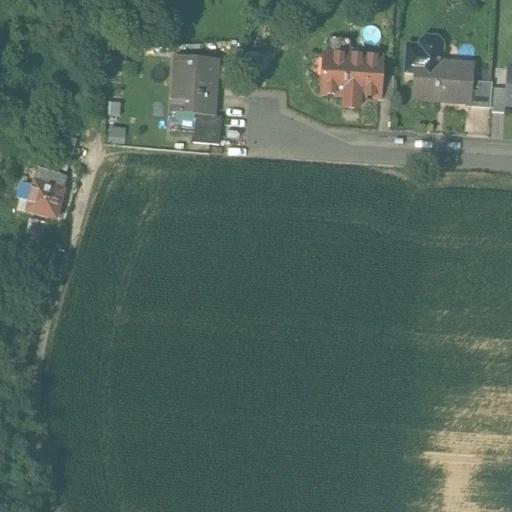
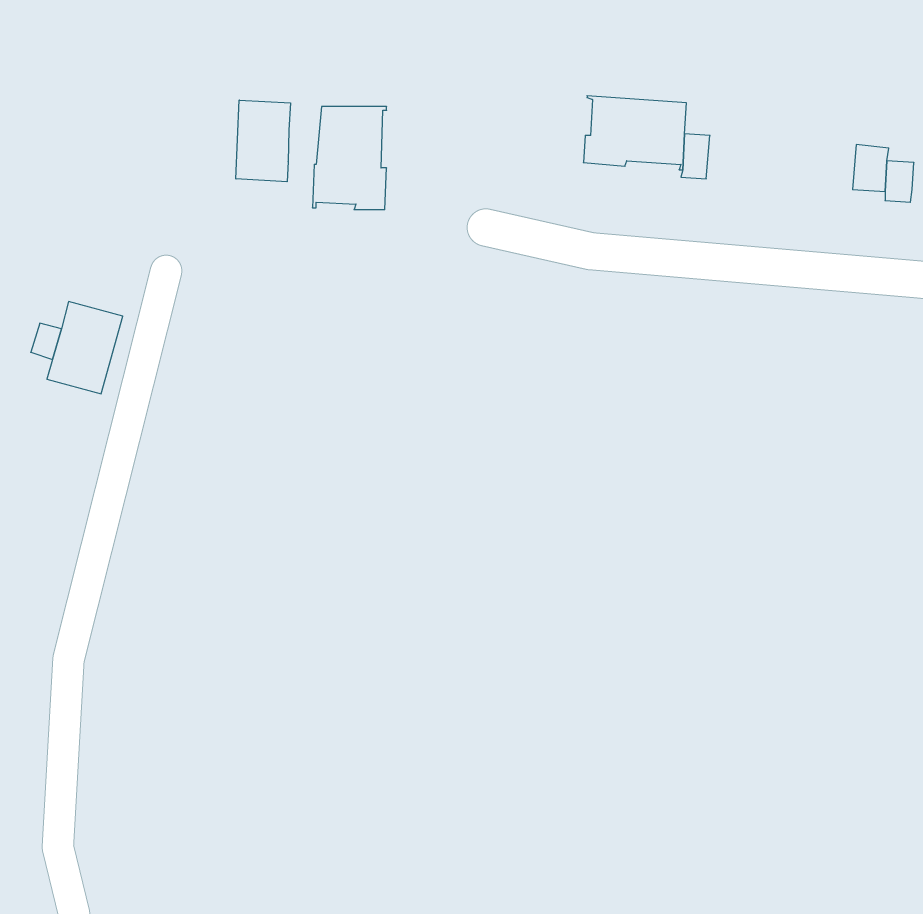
building: [405,35,471,100] -> none
building: none -> [236,100,290,182]
building: [194,116,222,145] -> none

